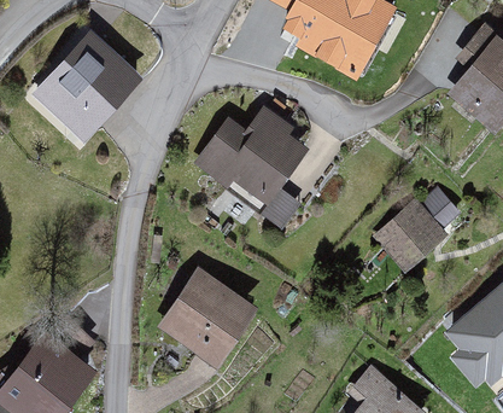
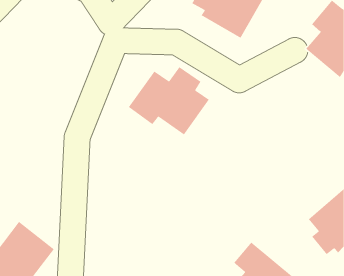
building: [48,48,139,138] -> none
building: [373,186,461,271] -> none
building: [158,264,258,363] -> none

